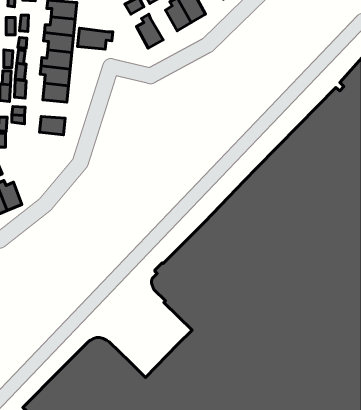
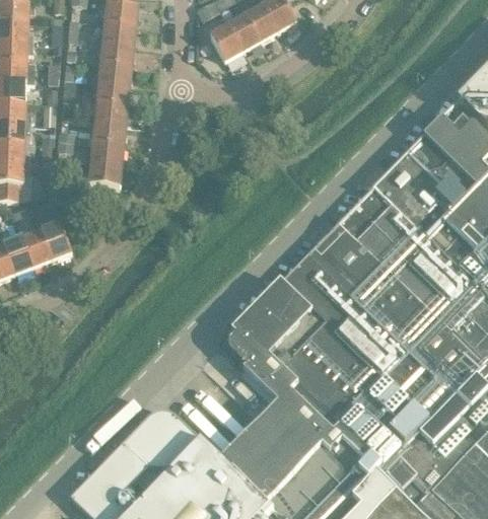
building: none -> [225,13,260,50]
building: [77,28,113,49] -> none
building: none -> [93,123,125,145]
building: none -> [89,162,121,186]

